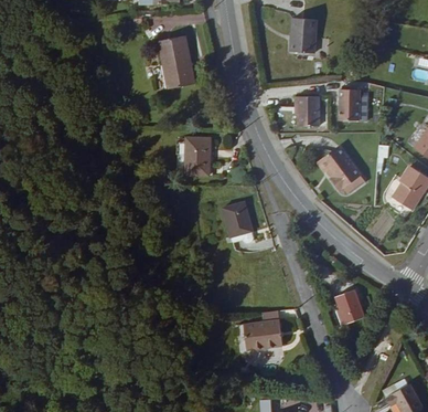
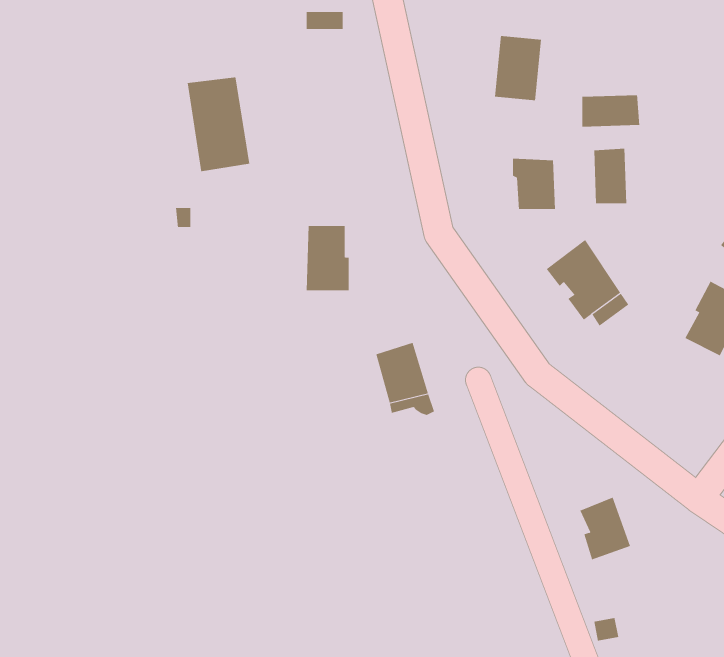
building: [163,35,199,88] -> [187,77,250,172]
building: none -> [582,94,640,128]
building: [243,310,280,349] -> none

